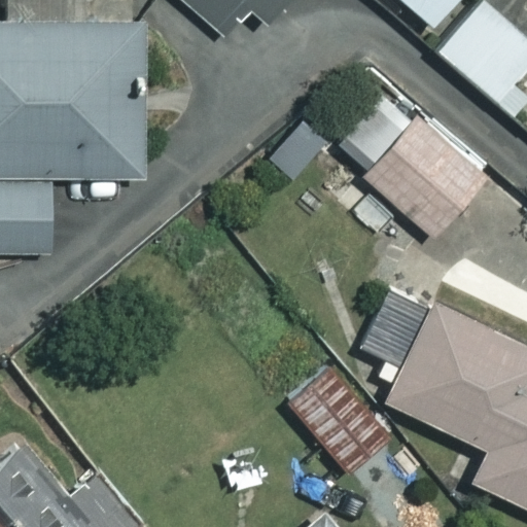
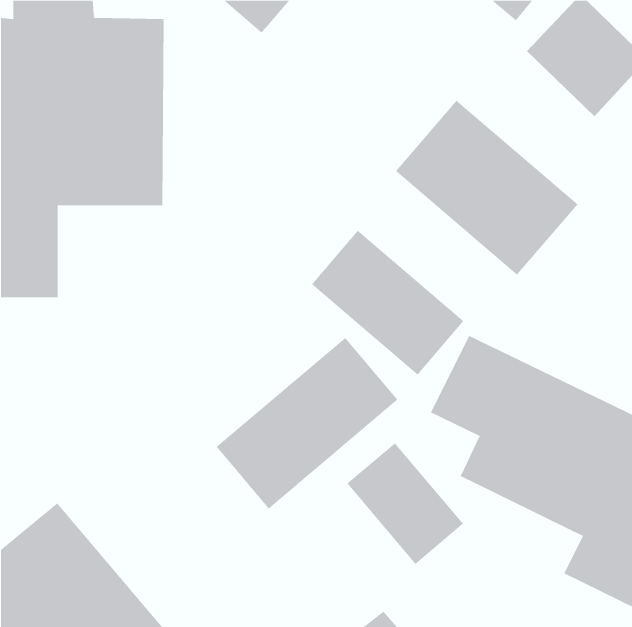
building: none -> [311,230,464,376]
building: none -> [216,337,398,509]

